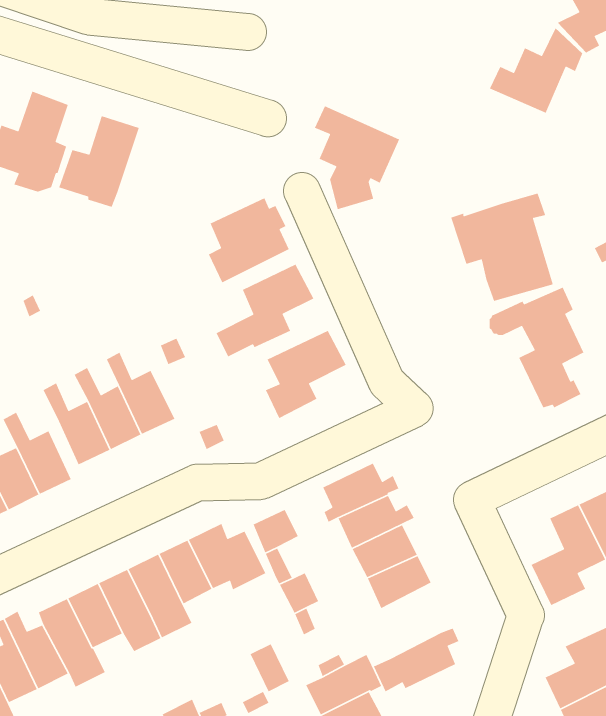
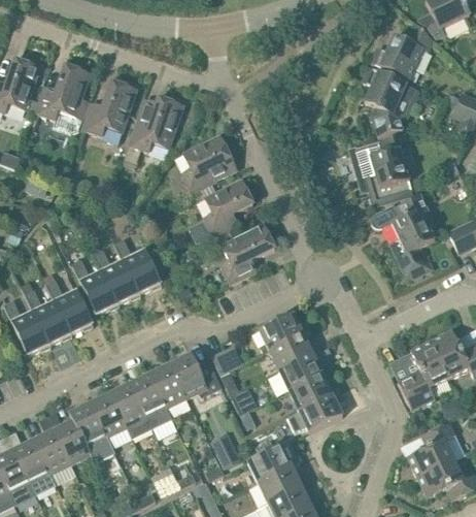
building: [314,105,400,210] -> [362,66,419,136]
building: none -> [123,97,183,164]
building: [373,628,459,692] -> [286,390,344,433]

